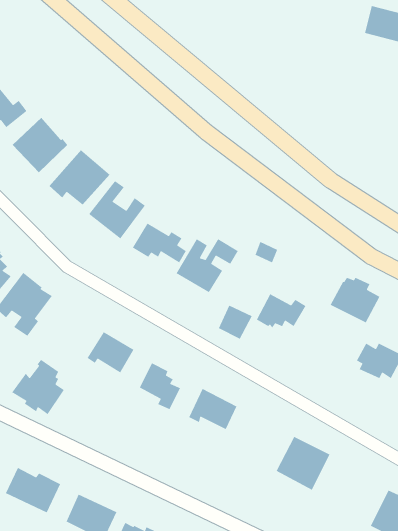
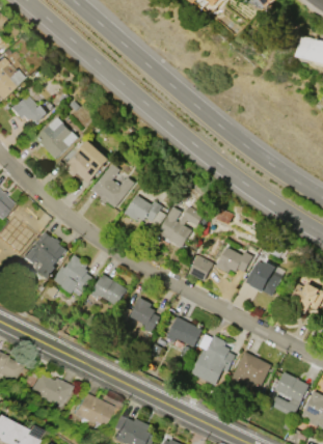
building: [330,277,380,323] -> [244,261,281,296]
building: [11,359,65,415] -> [52,255,91,297]
building: none -> [189,335,234,386]
building: none -> [270,371,308,417]

